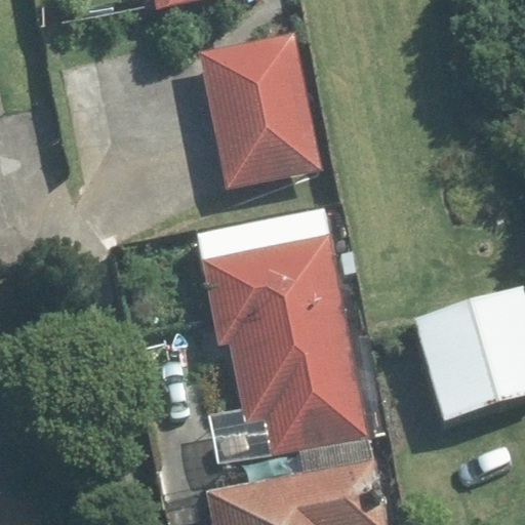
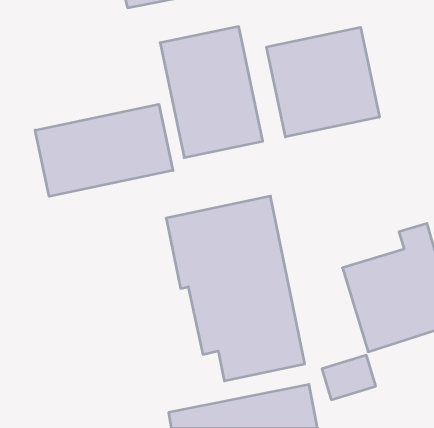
building: none -> [267,27,379,137]
building: none -> [35,104,173,196]

